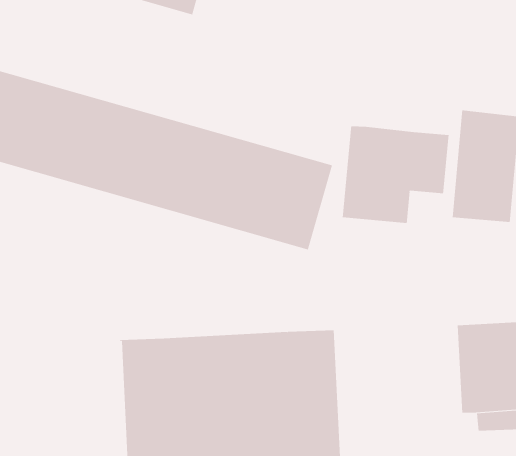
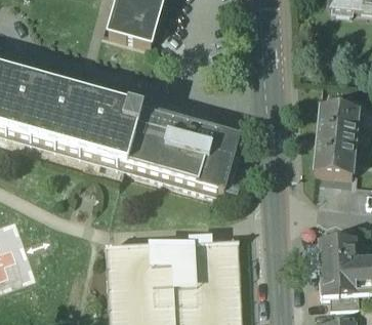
building: [342,126,449,224] -> none

